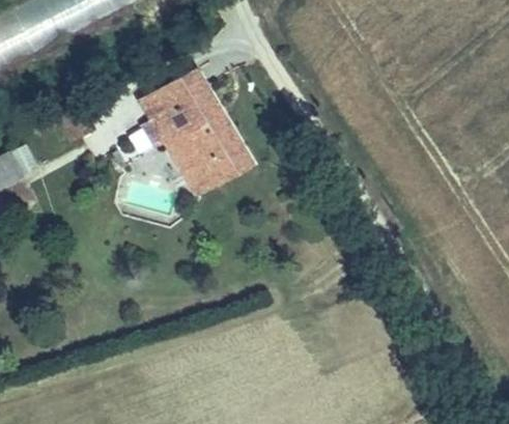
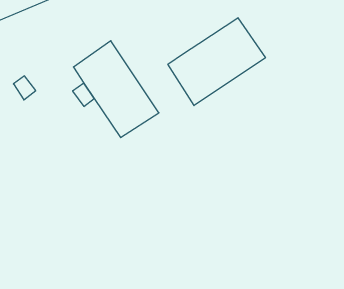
building: none -> [168,18,265,106]

